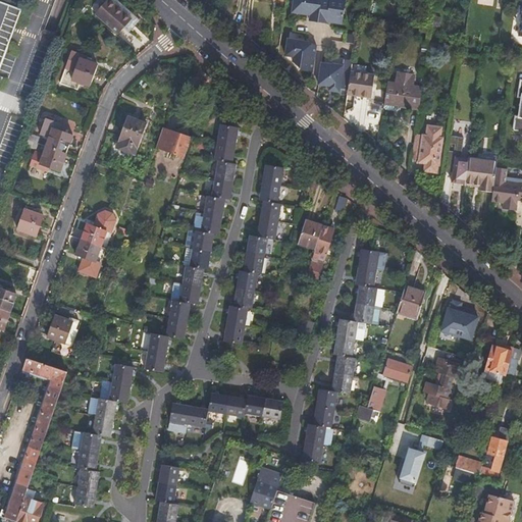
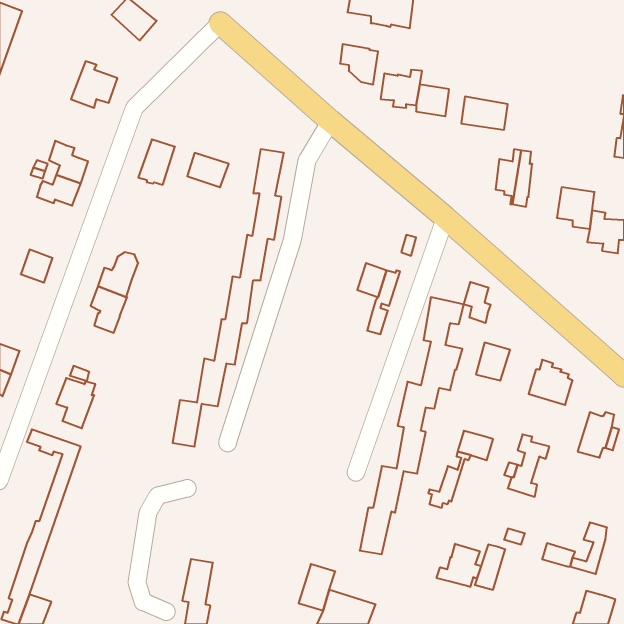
building: [221,163,286,344] -> none
building: none -> [464,282,491,323]
building: [70,364,134,506] -> none
building: [167,393,280,427] -> none
building: none -> [437,544,481,587]

